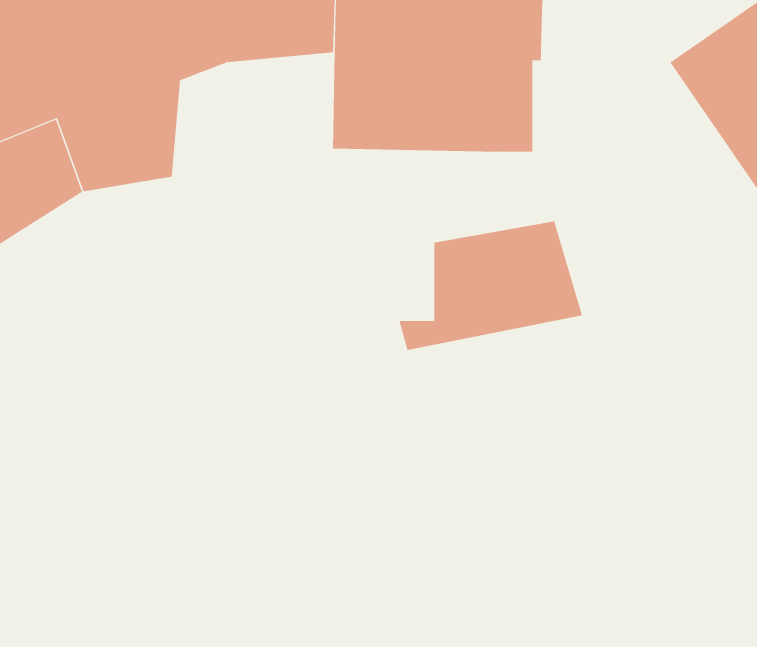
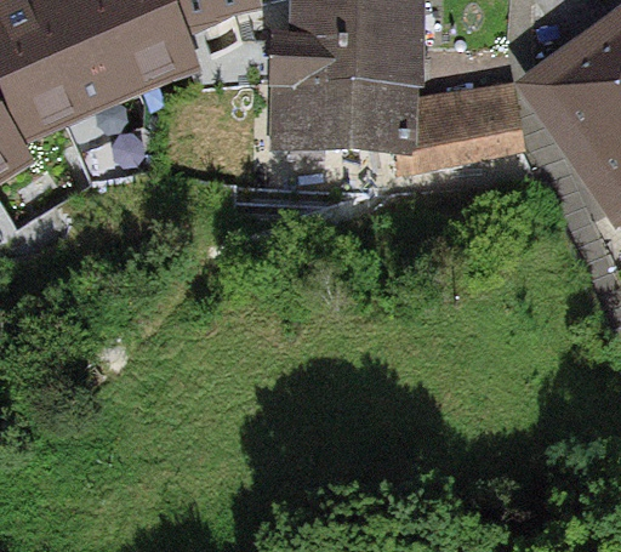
building: [399,221,583,350] -> [391,75,525,170]

